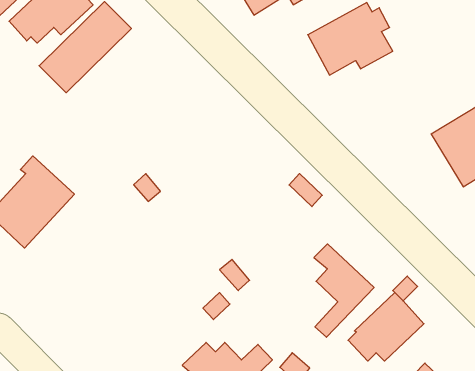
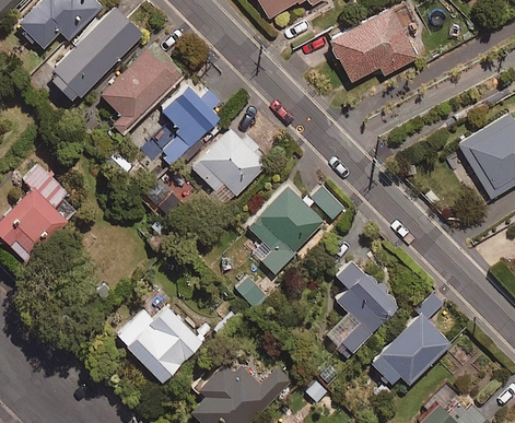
building: none -> [100,42,184,133]
building: none -> [159,82,221,164]
building: none -> [190,127,268,197]
building: none -> [248,186,325,274]
building: none -> [117,303,202,383]

